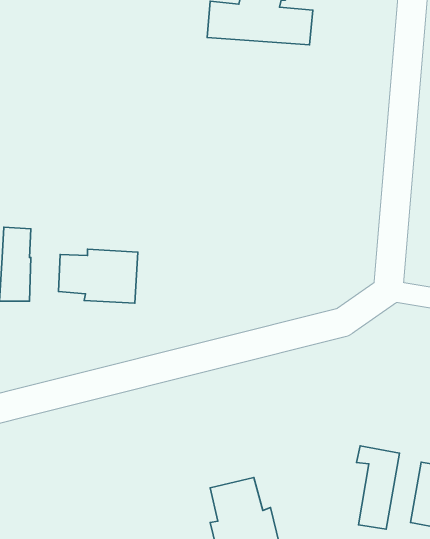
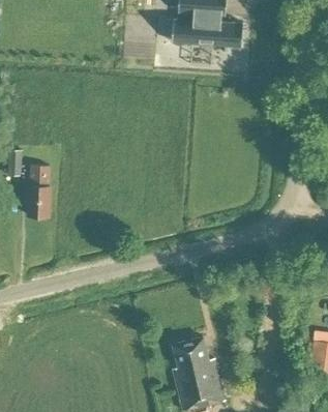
building: [58,249,138,303] -> none
building: [357,446,400,529] -> none

